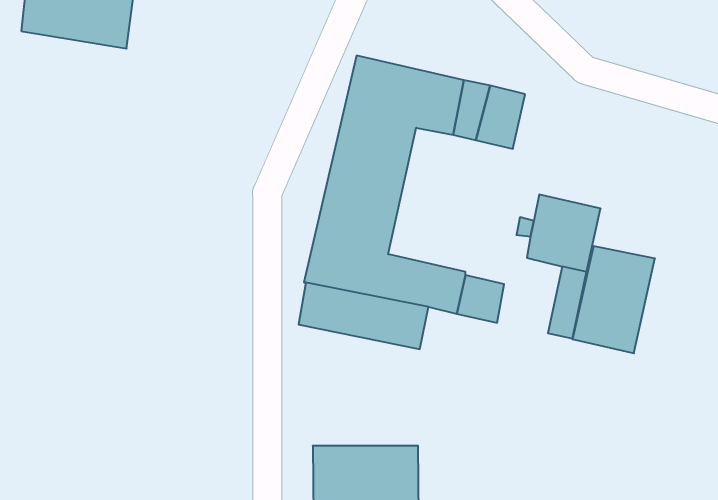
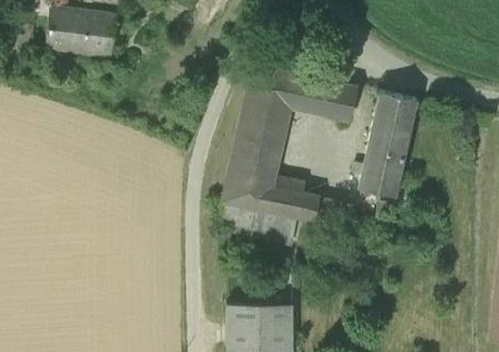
building: [572,246,655,353] -> [367,90,419,156]

